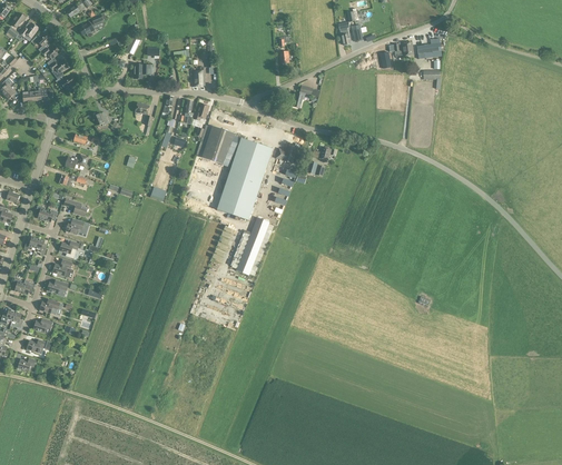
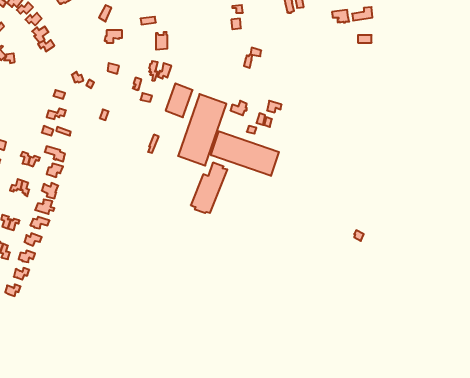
building: none -> [211,131,279,176]

